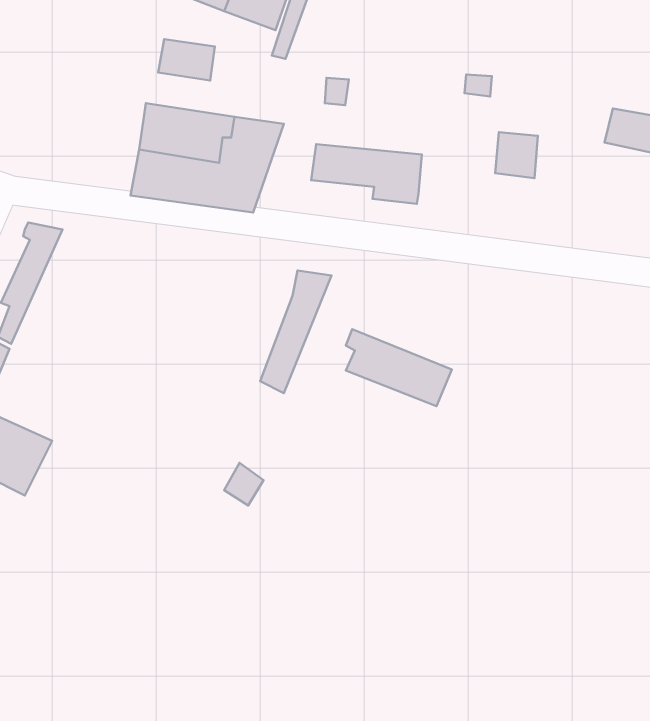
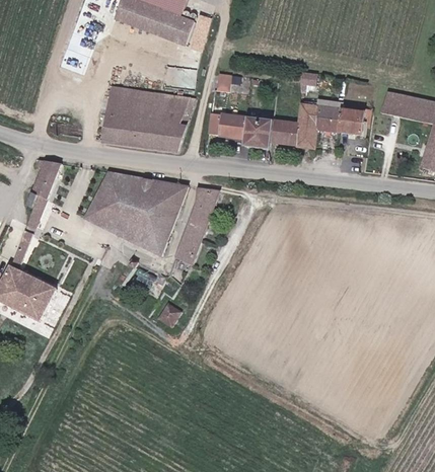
building: [158,39,215,81] -> none
building: none -> [273,103,320,149]
building: none -> [342,107,368,135]
building: none -> [82,171,189,255]
building: [346,329,452,406] -> none

